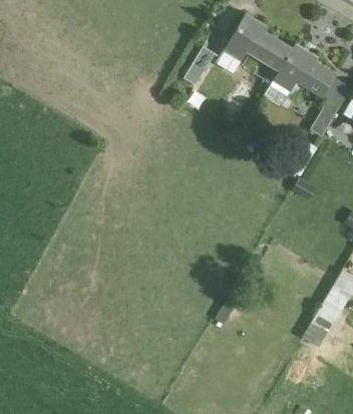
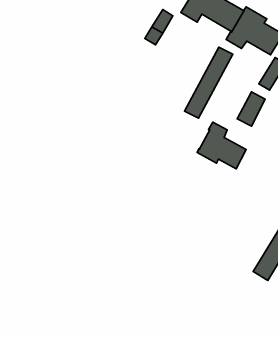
building: none -> [185,47,233,118]
building: none -> [197,122,246,169]

